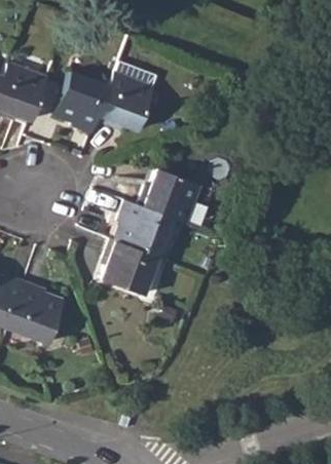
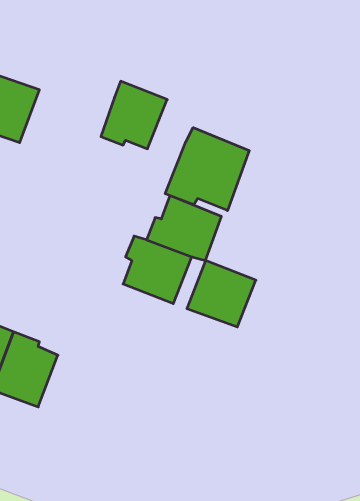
building: [58,72,111,134] -> none
building: none -> [165,128,249,211]
building: [103,241,160,297] -> [187,261,256,327]

